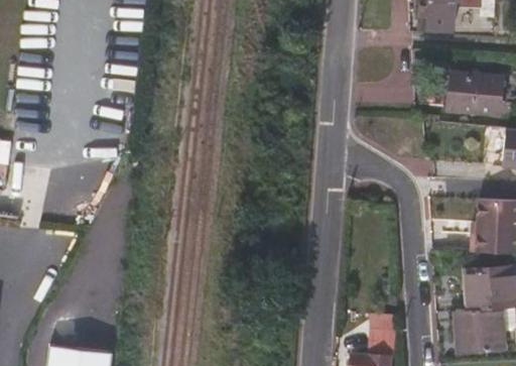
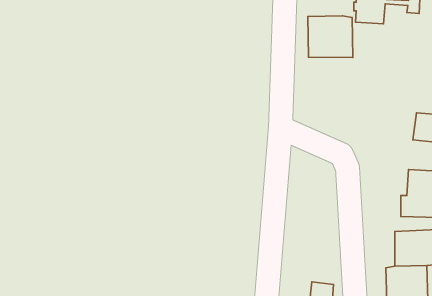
building: none -> [308,16,353,57]
building: [449,73,501,113] -> none

